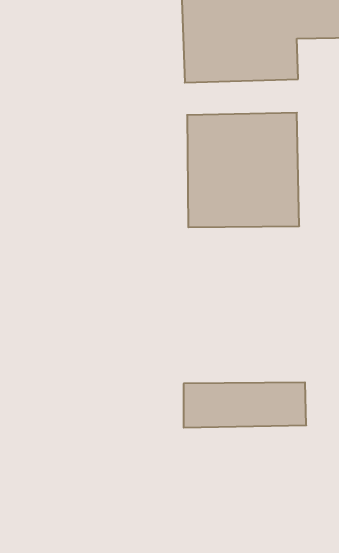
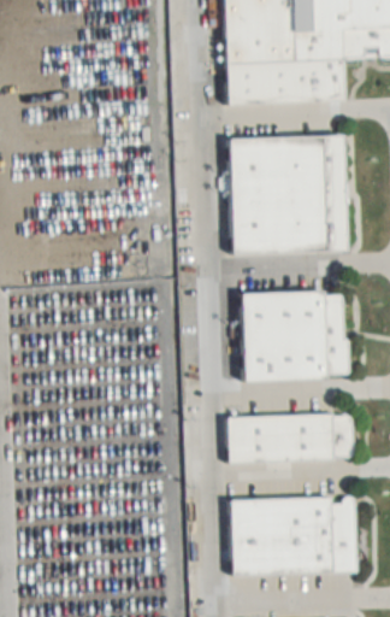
building: none -> [242,290,347,380]
building: none -> [231,498,356,574]

